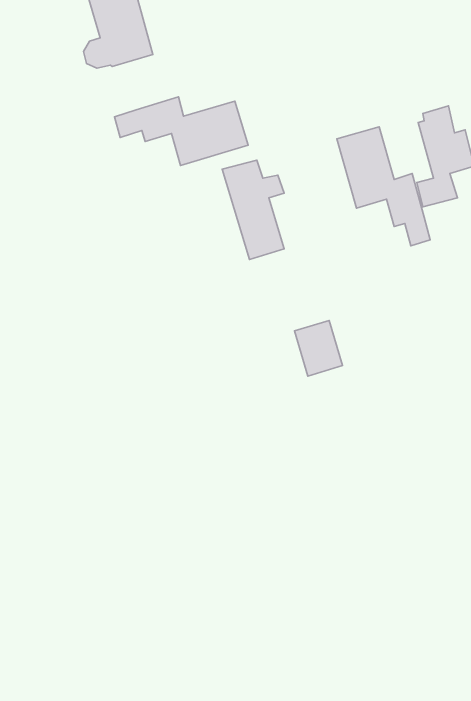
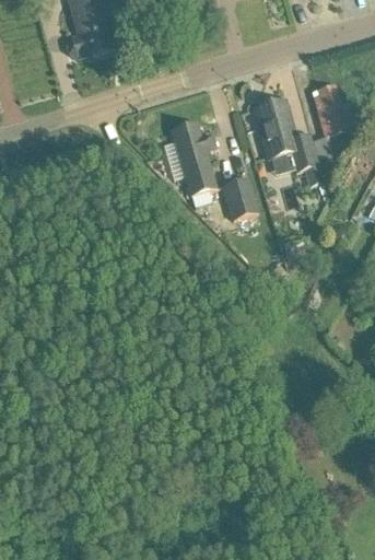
building: [114,97,248,166] -> none
building: [294,320,343,376] -> [225,179,260,220]

